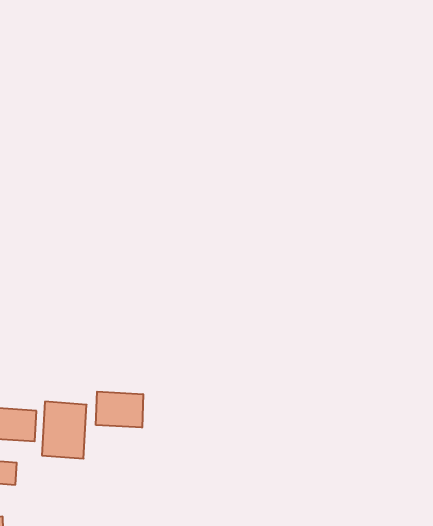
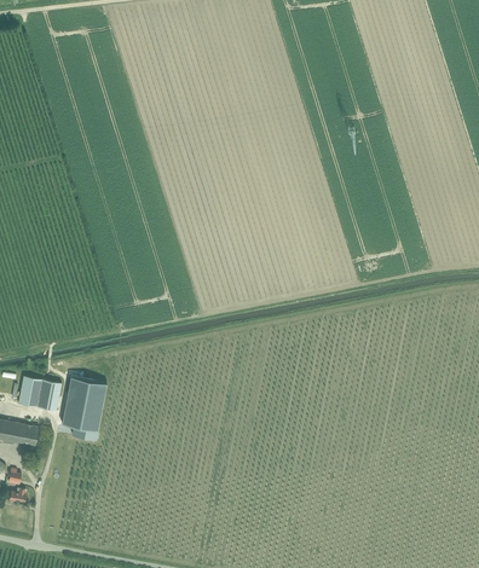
building: [96,392,143,428] -> none

